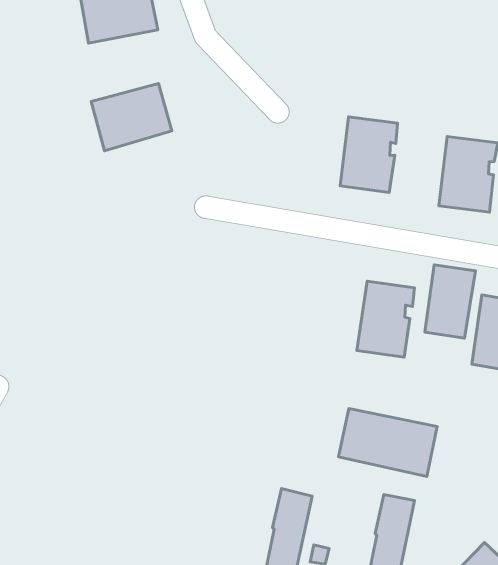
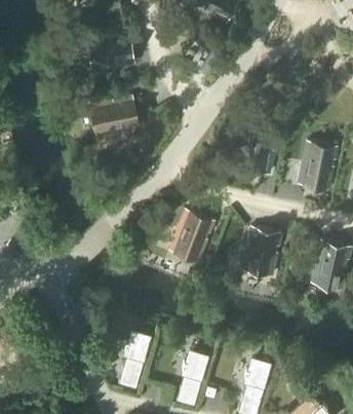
building: none -> [169,210,212,261]
building: [425,265,476,338] -> none
building: [338,408,437,476] -> none
building: none -> [117,332,150,388]

